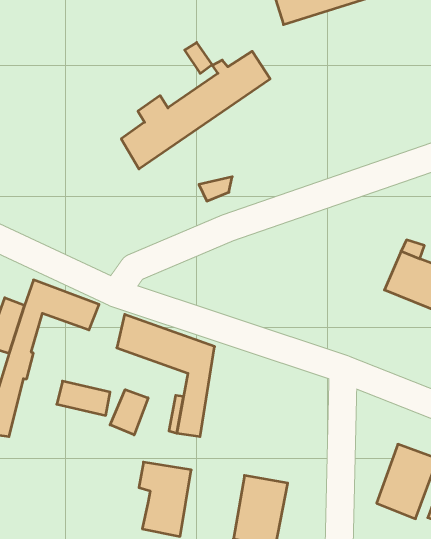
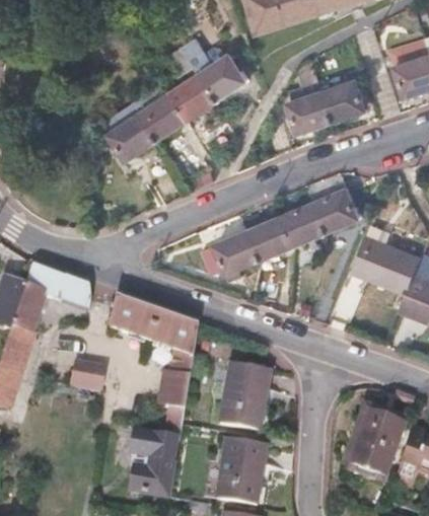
building: none -> [290,78,367,131]
building: none -> [202,190,359,280]
building: [110,390,148,435] -> none
building: none -> [218,364,269,431]

